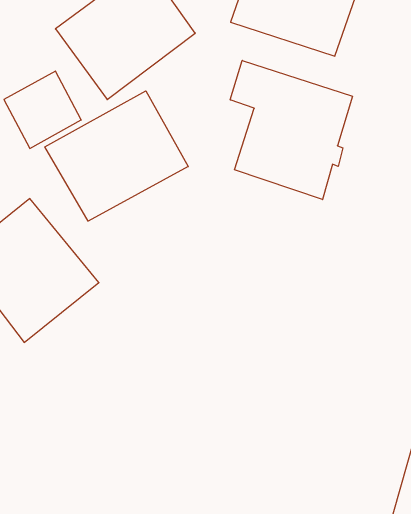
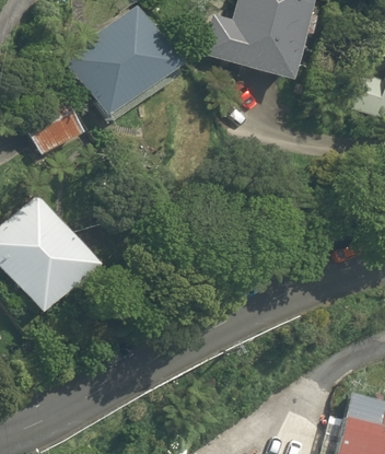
building: [230,60,353,200] -> none
building: [45,91,188,221] -> none

